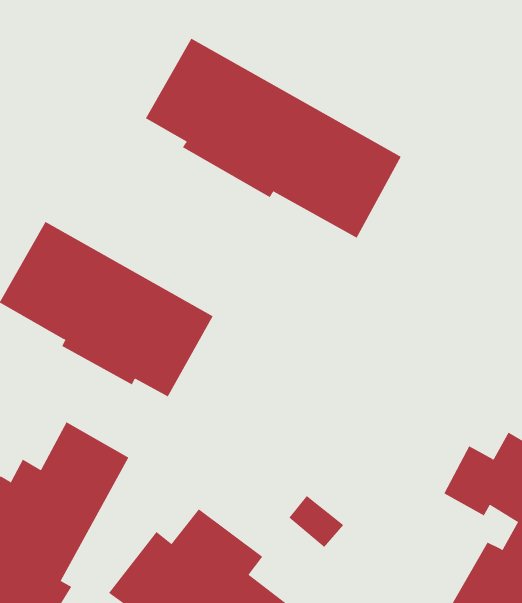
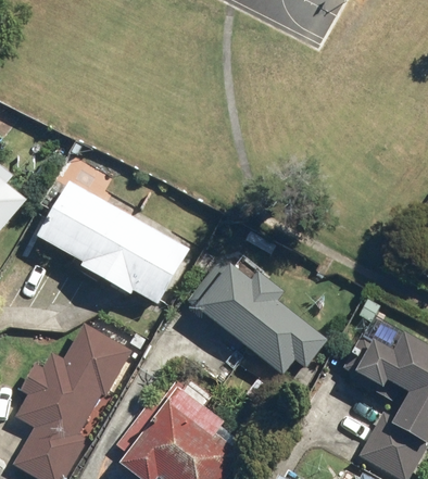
building: [145,38,402,238] -> none
building: none -> [186,261,329,376]

